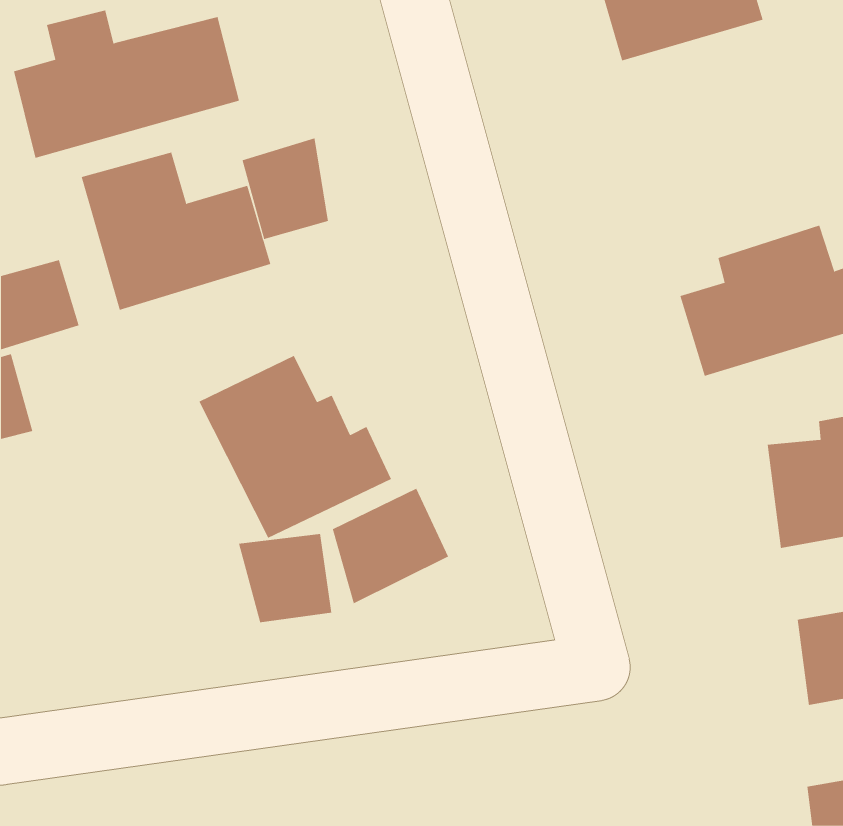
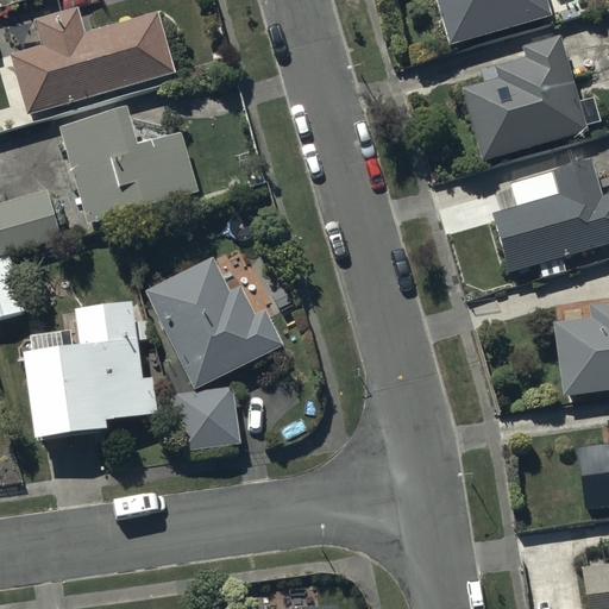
building: none -> [462,33,602,161]
building: [242,138,329,240] -> none
building: none -> [21,299,161,441]
building: [332,488,449,604] -> none

